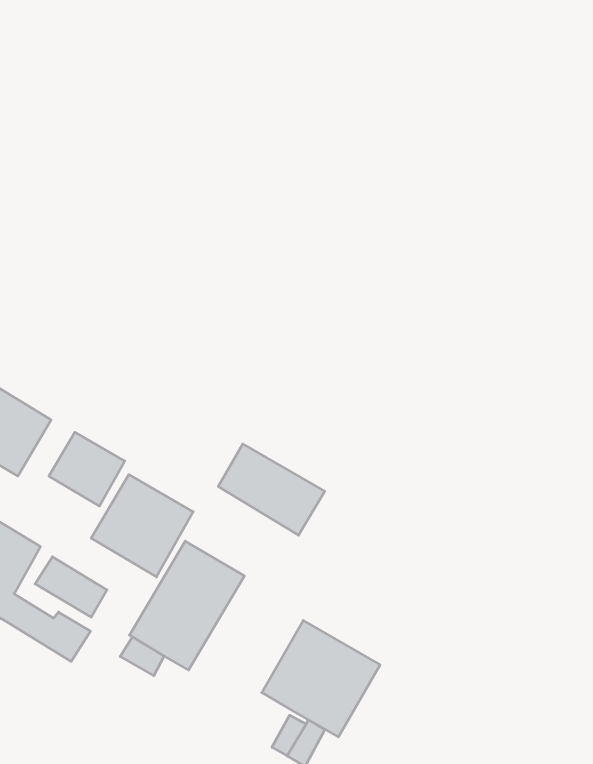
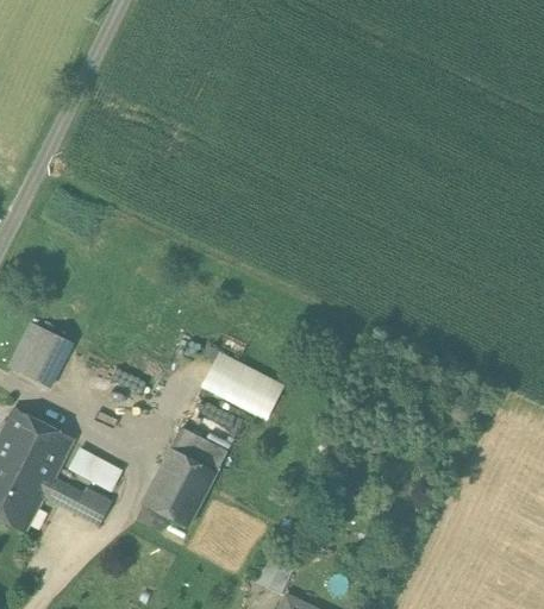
building: [49,432,125,506] -> none
building: [91,475,193,577] -> none
building: [262,620,380,737] -> none

